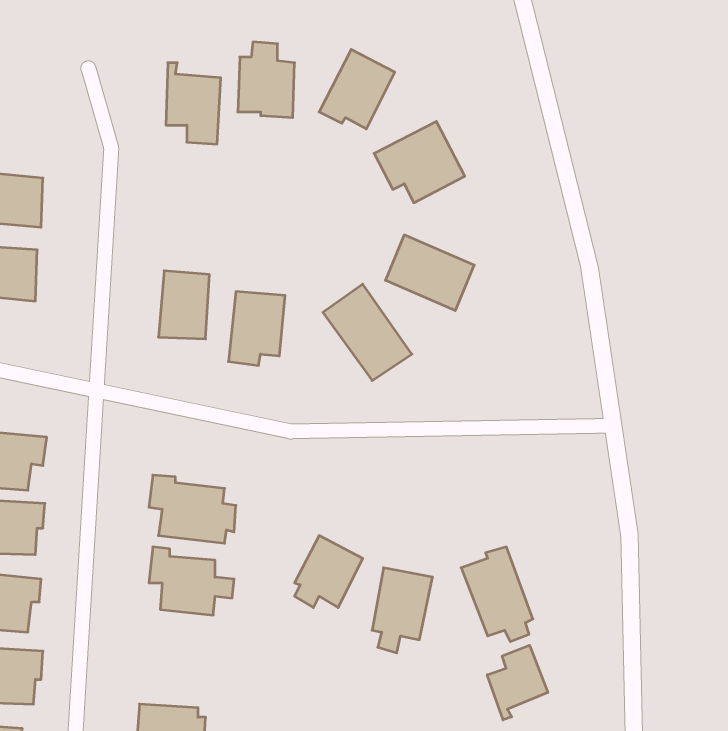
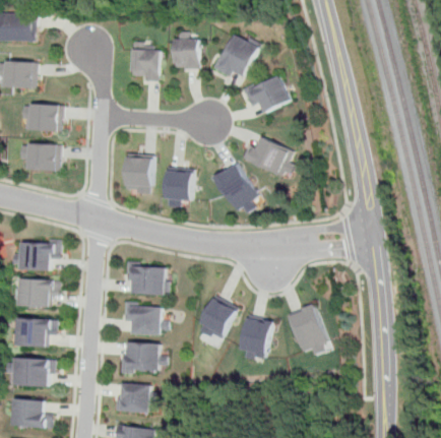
building: none -> [116,342,162,378]
building: [487,645,548,720] -> none

